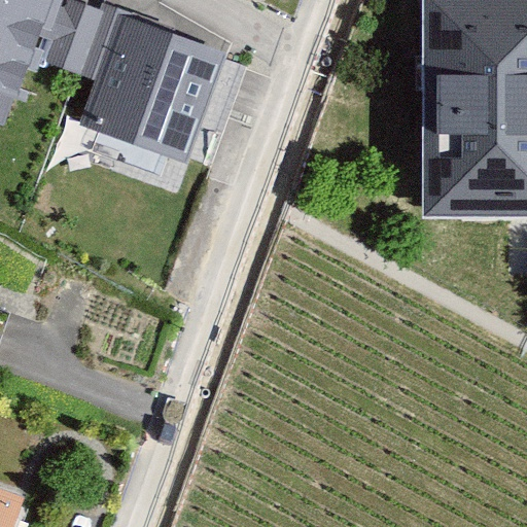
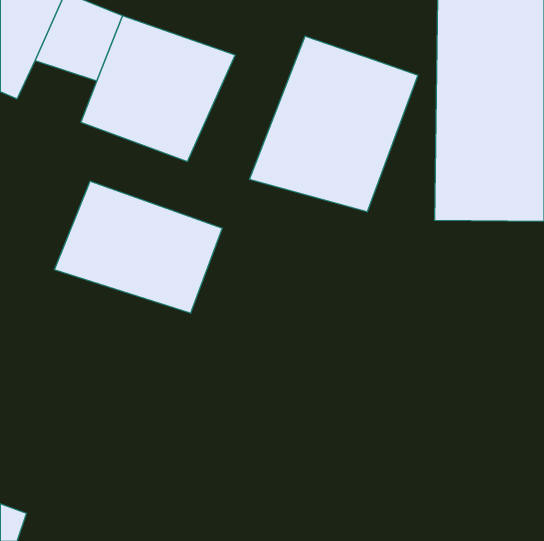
building: none -> [250,36,418,212]
building: none -> [55,181,222,313]

